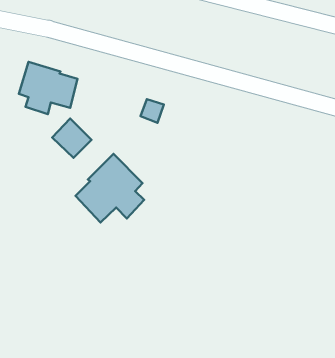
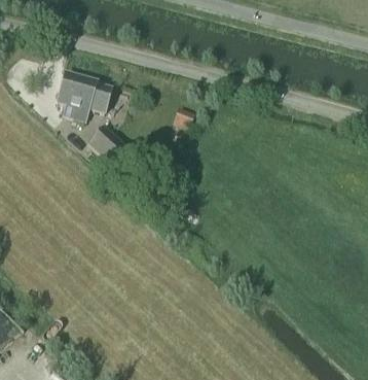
building: [76,154,144,223] -> none

